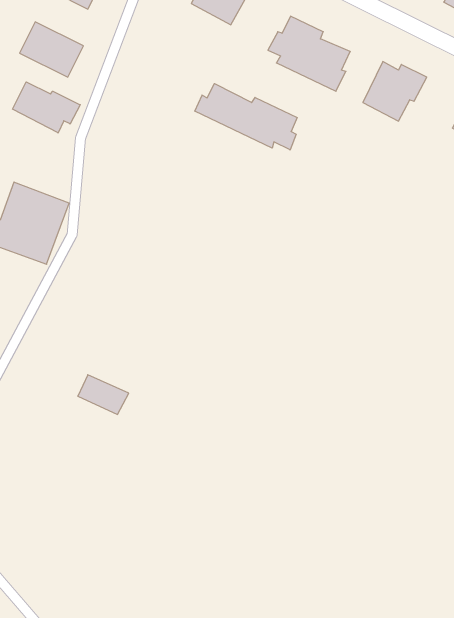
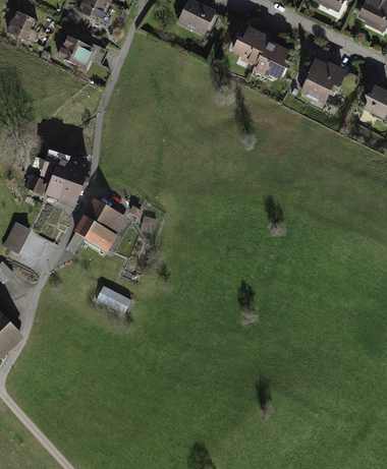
building: [13,82,80,133] -> none
building: [195,84,297,150] -> none
building: none -> [76,199,127,251]

